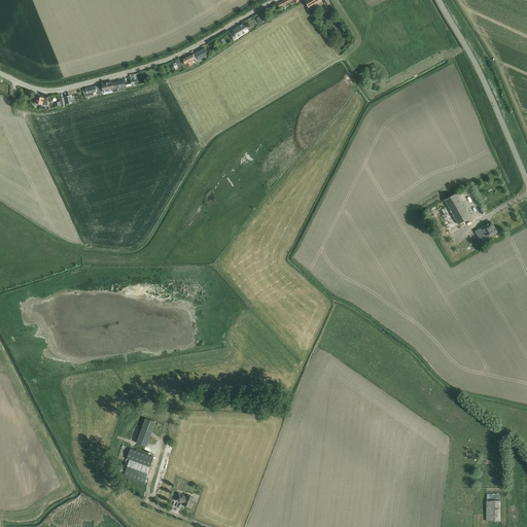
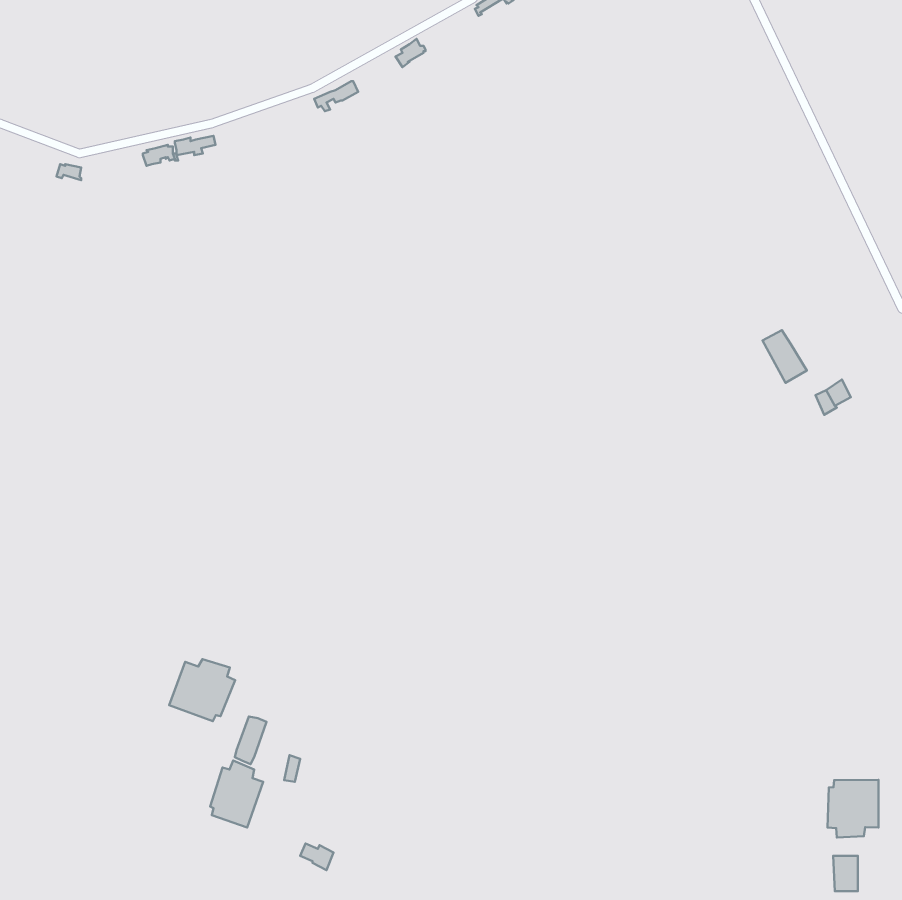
building: none -> [169,659,235,721]
building: none -> [828,780,878,837]

